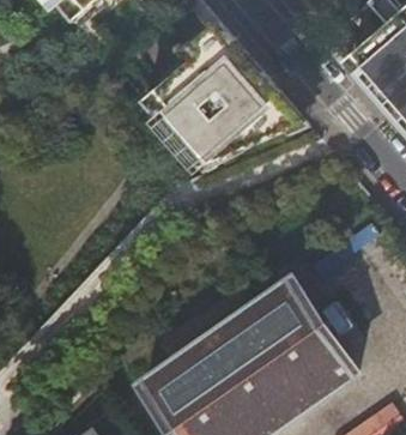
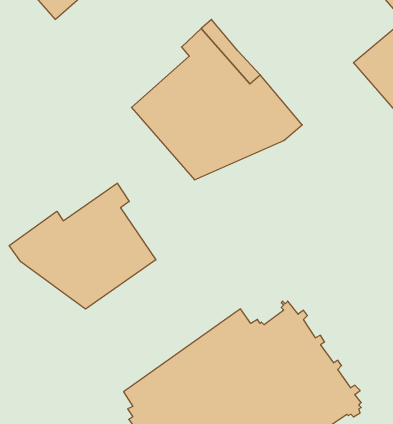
building: none -> [9,183,156,309]

